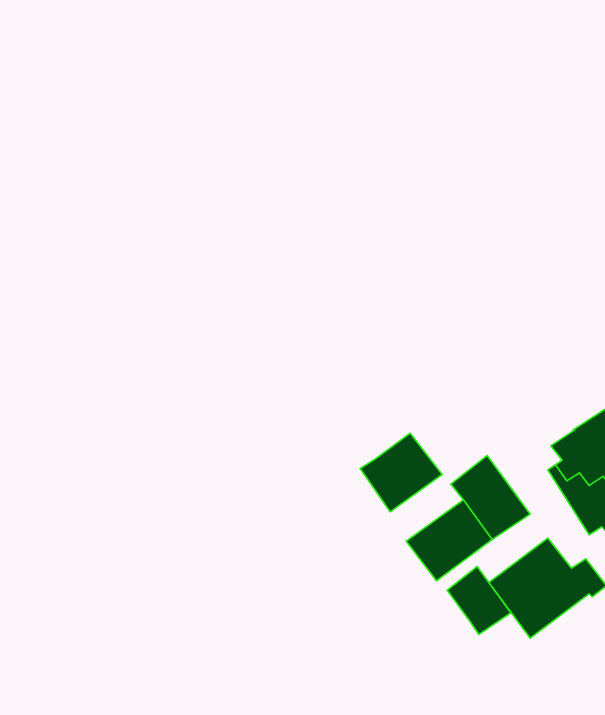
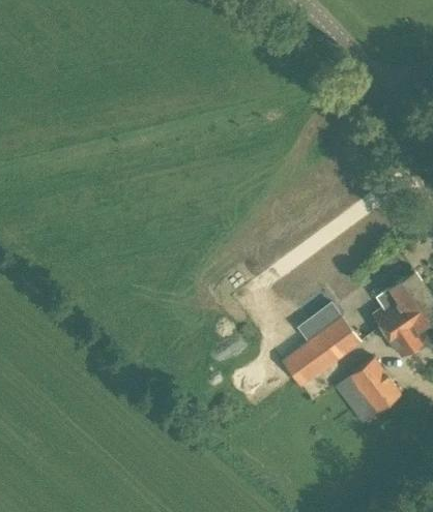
building: [360,433,442,512] -> none
building: [447,566,511,635] -> none

